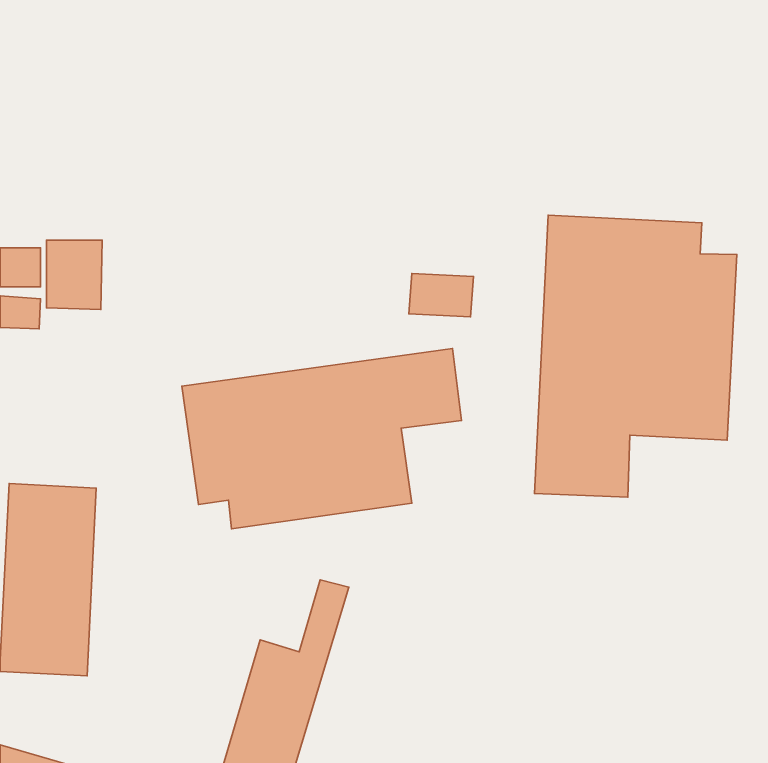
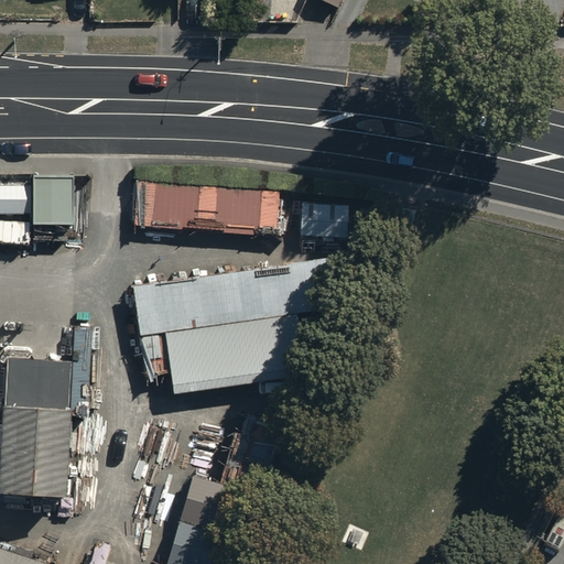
building: [535,215,737,497] -> none
building: none -> [133,182,279,237]

